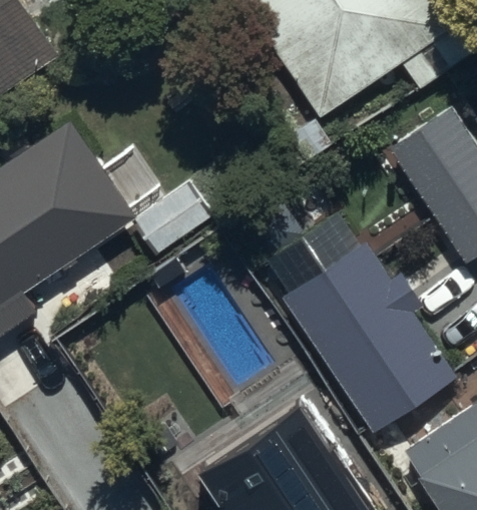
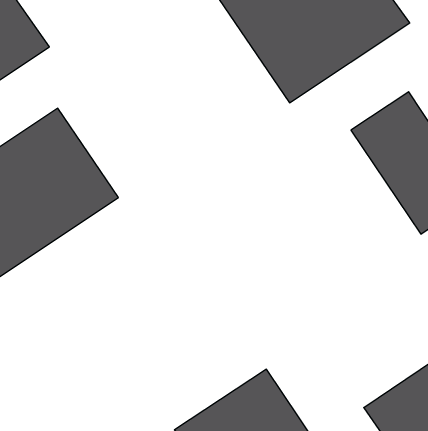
building: [283,242,456,433] -> none

